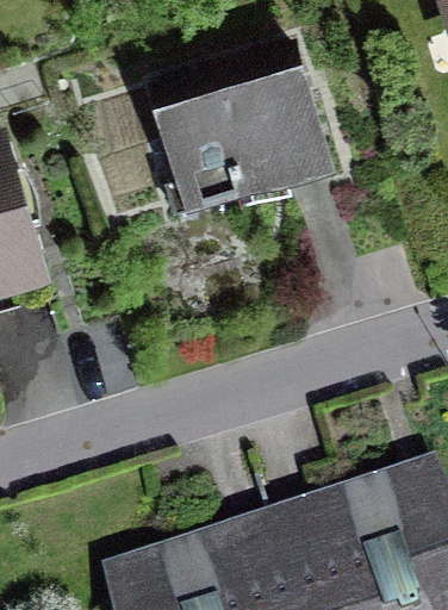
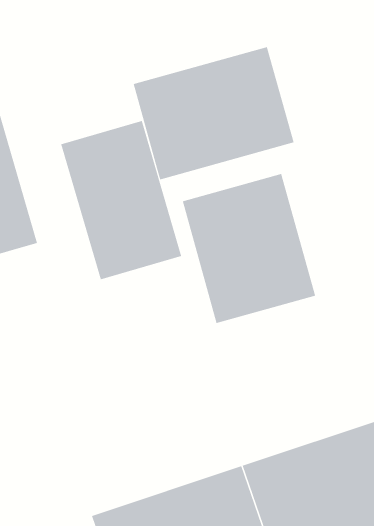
building: none -> [61,120,182,280]
building: none -> [182,173,316,324]

